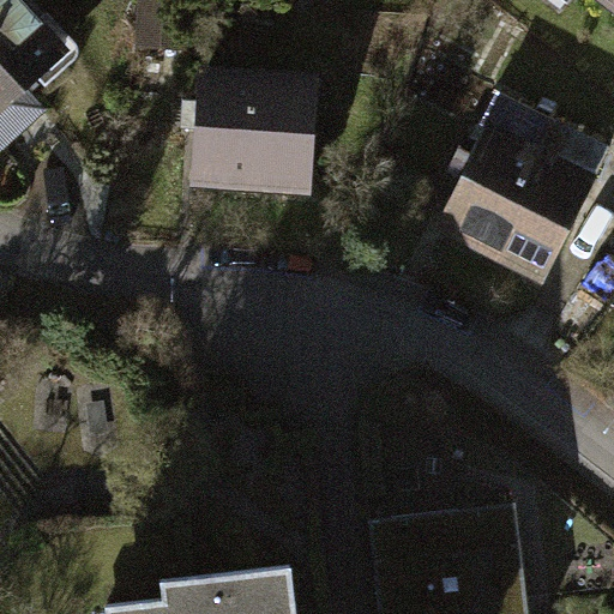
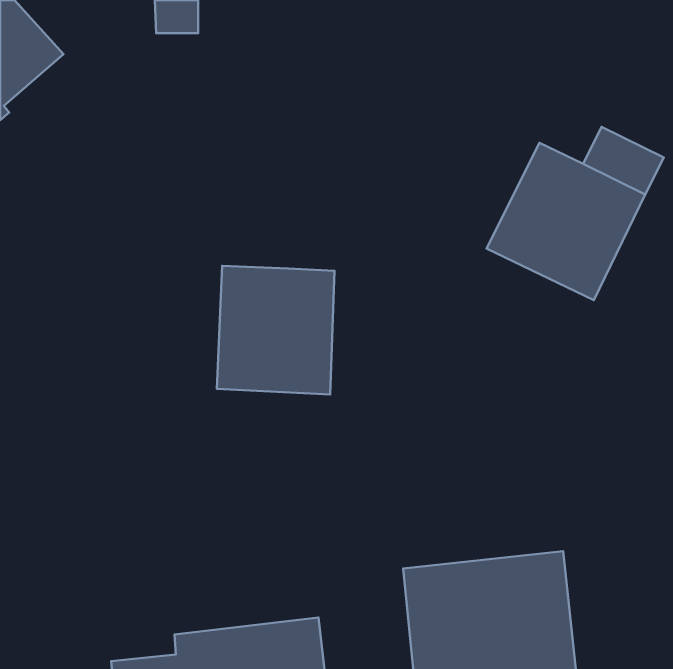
building: [185,77,313,192] -> none
building: none -> [217,266,334,394]

